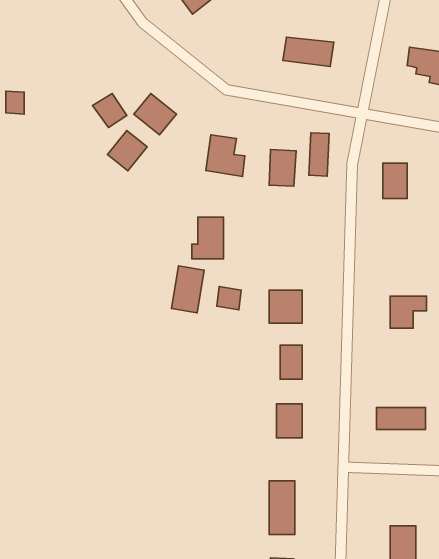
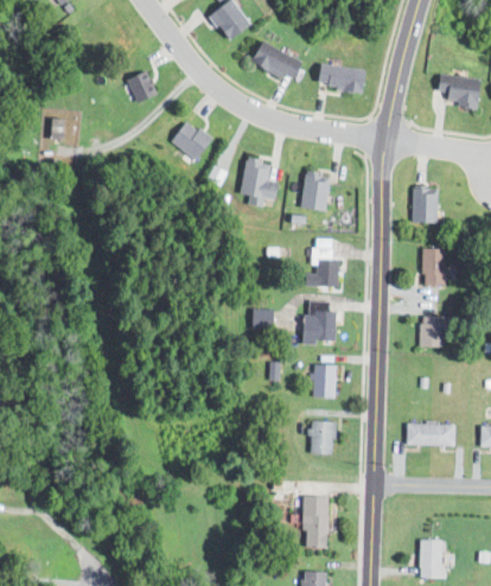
building: none -> [251,40,304,83]
building: [93,93,127,128] -> [126,69,159,102]
building: [107,130,147,171] -> none
building: [309,133,329,176] -> none
building: [192,217,223,259] -> [307,246,338,286]
building: none -> [423,247,446,285]
building: [171,266,204,313] -> none

